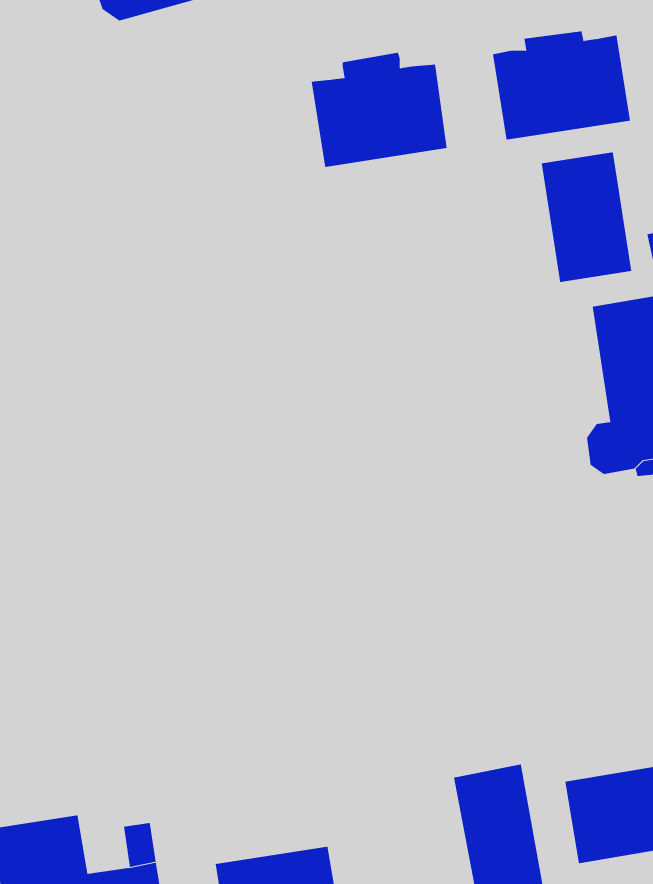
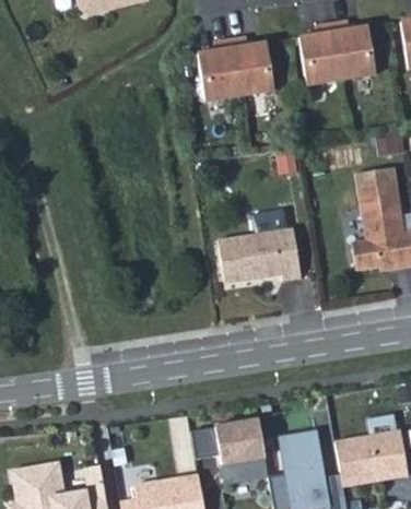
building: [541,151,632,283] -> none
building: none -> [215,227,298,283]
building: none -> [209,417,261,482]

